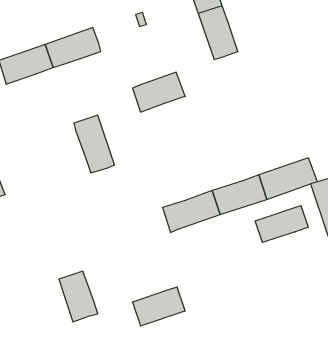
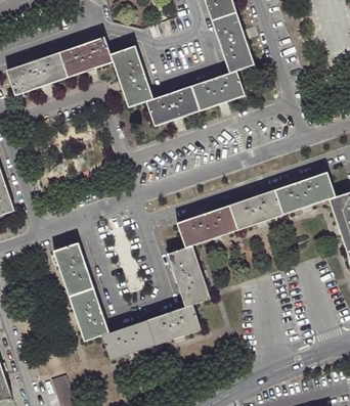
building: none -> [190,69,245,108]
building: [74,115,115,173] -> [111,46,152,105]
building: [255,206,308,242] -> none
building: none -> [54,243,94,297]
building: none -> [167,245,210,307]
building: none -> [101,320,154,360]

